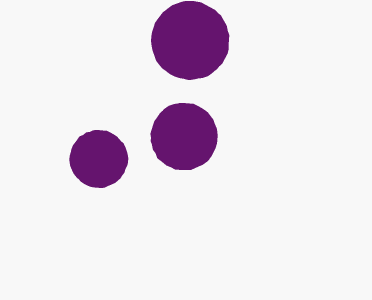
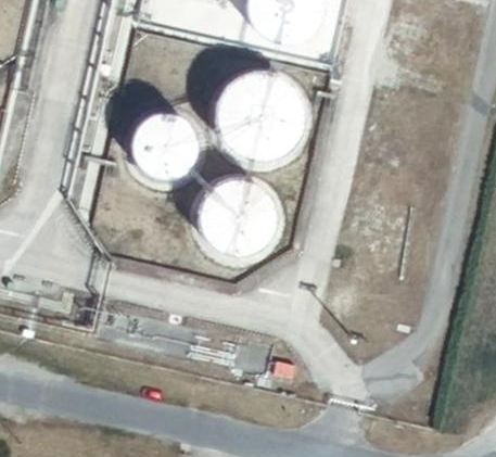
building: [69,129,129,189] -> [130,110,195,175]

